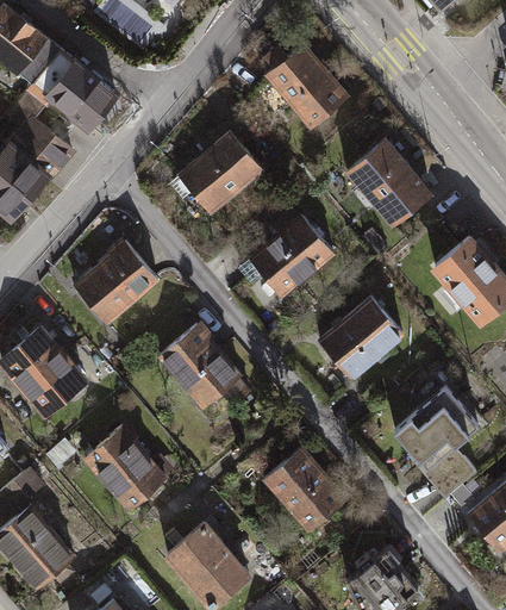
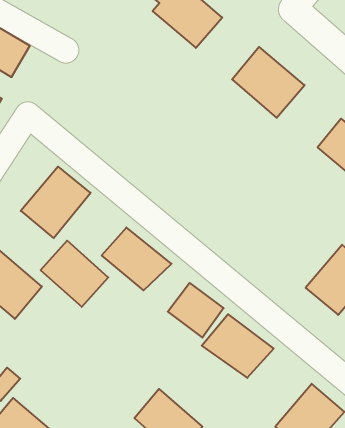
building: [179,132,262,213] -> none
building: [250,216,333,297] -> none
building: [319,297,402,378] -> none
building: none -> [168,283,224,338]
building: [86,425,164,506] -> [41,241,108,307]

